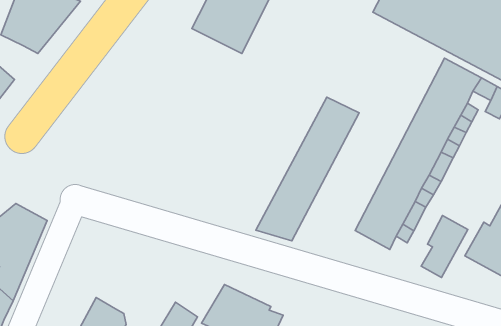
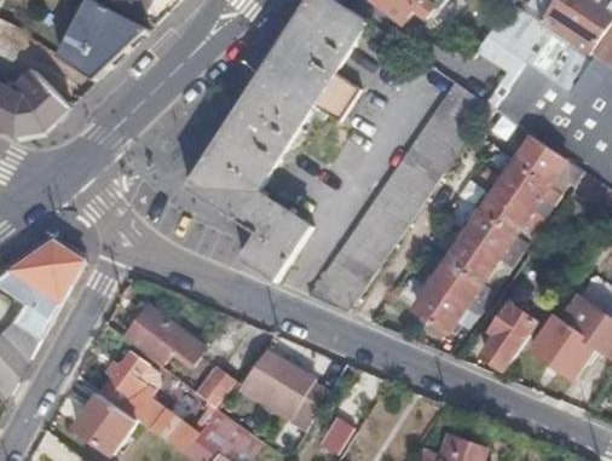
building: none -> [399,82,486,181]
building: none -> [187,71,324,281]
building: none -> [122,309,203,365]

